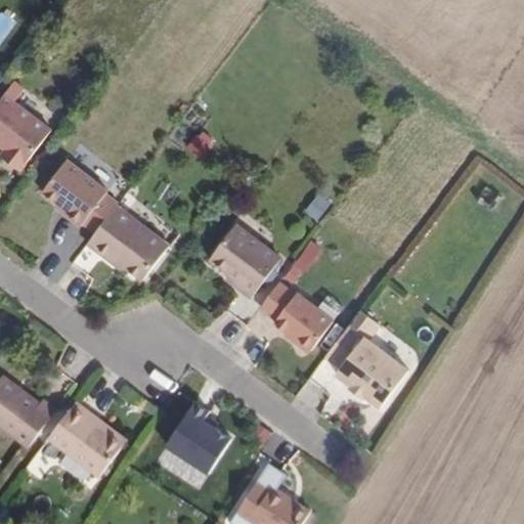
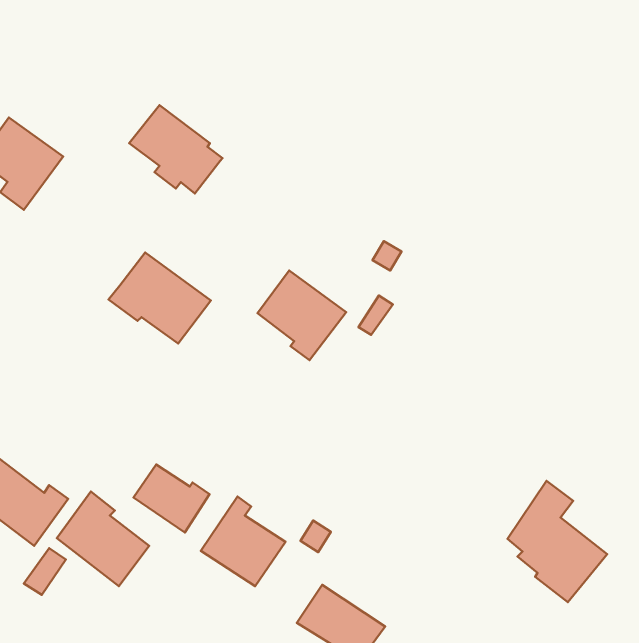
building: [44,162,120,233] -> [129,105,223,194]
building: [260,280,334,348] -> none
building: [325,307,406,405] -> [507,481,607,602]
building: none -> [134,464,210,532]

